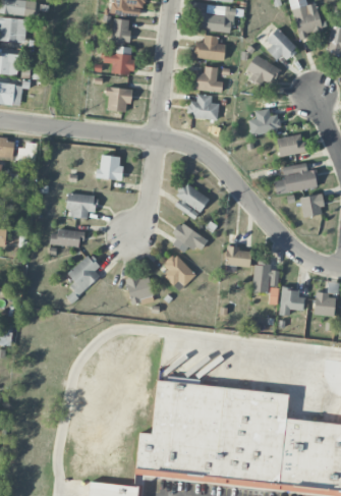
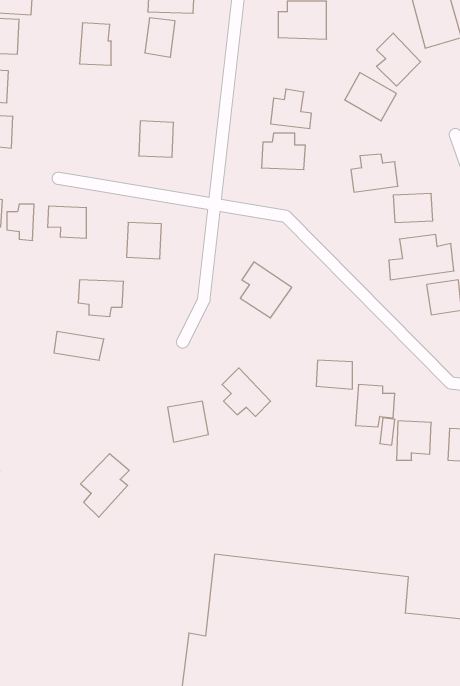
building: [194,35,225,59] -> none
building: [112,46,133,74] -> [79,23,111,65]
building: none -> [48,206,86,238]
building: [171,221,208,253] -> none
building: [68,254,101,296] -> [81,454,129,517]

